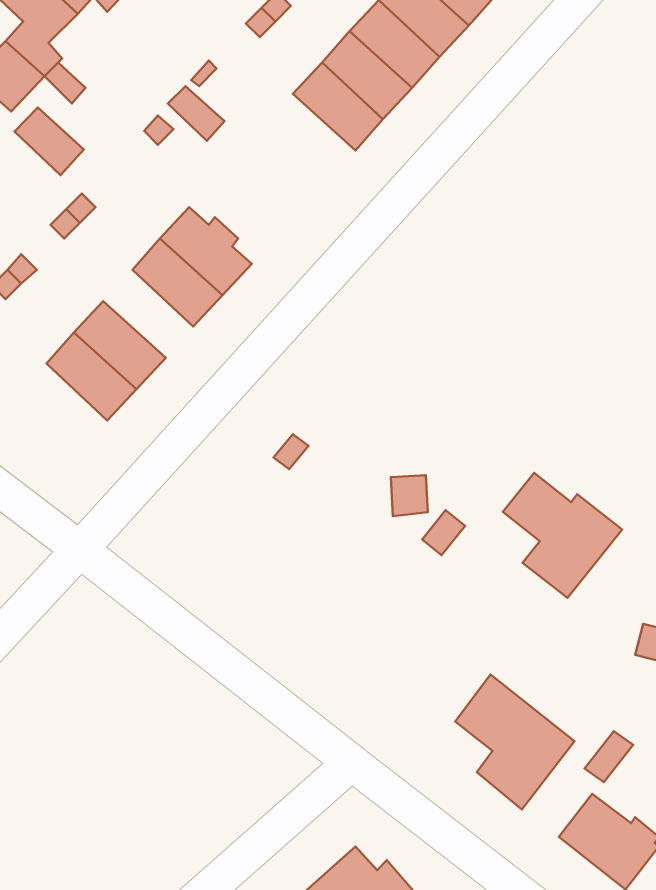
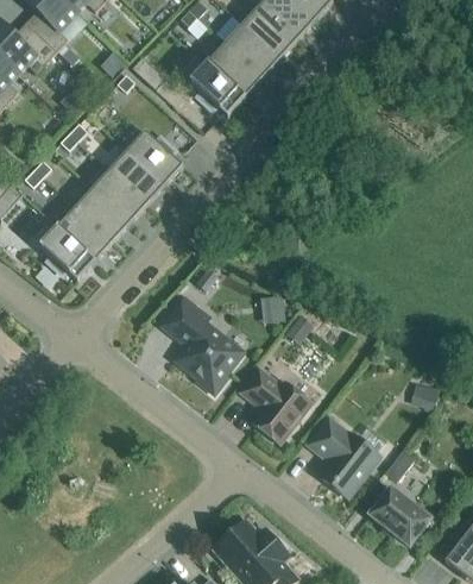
building: none -> [189,61,245,114]
building: [14,107,84,175] -> none
building: none -> [92,168,146,221]
building: none -> [39,225,94,280]
building: [503,473,622,598] -> [239,366,311,442]
building: none -> [162,296,241,391]

